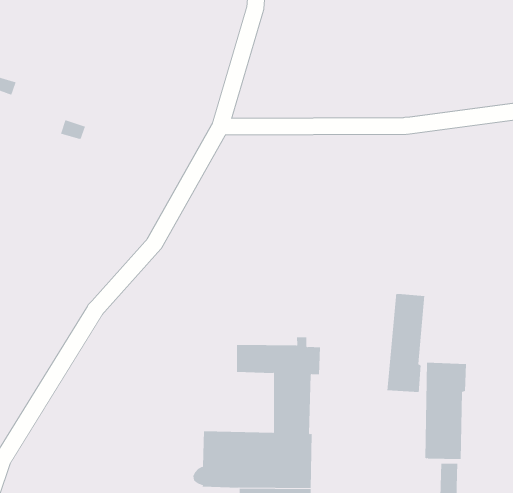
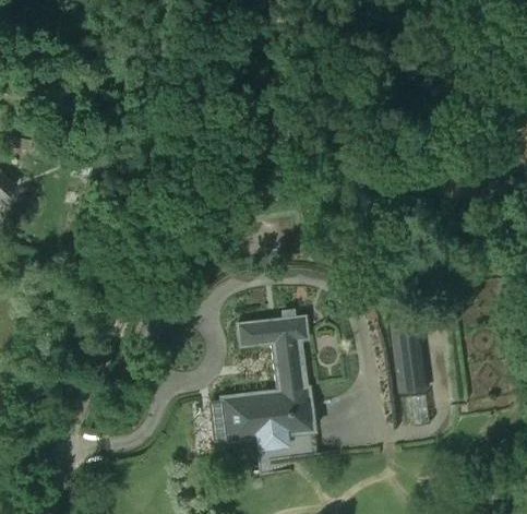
building: [387,293,425,393] -> none

